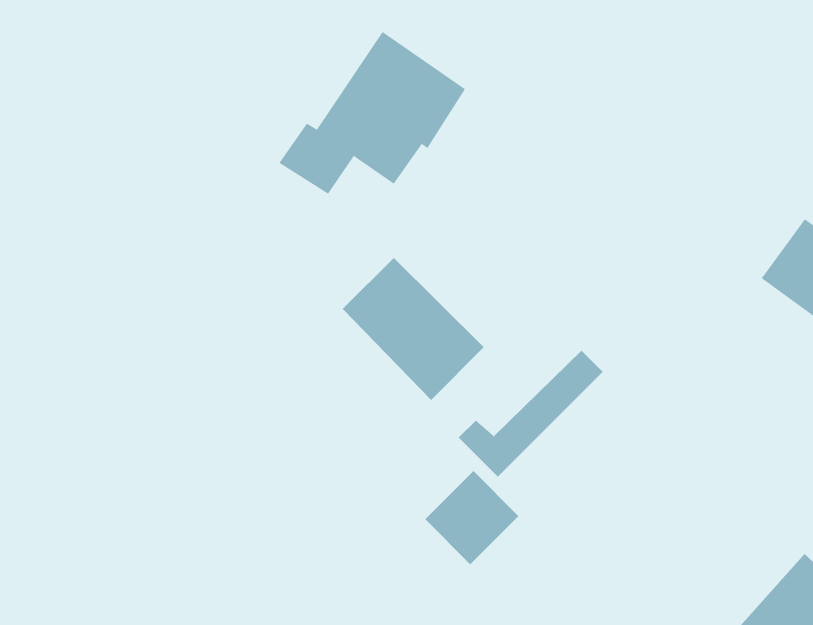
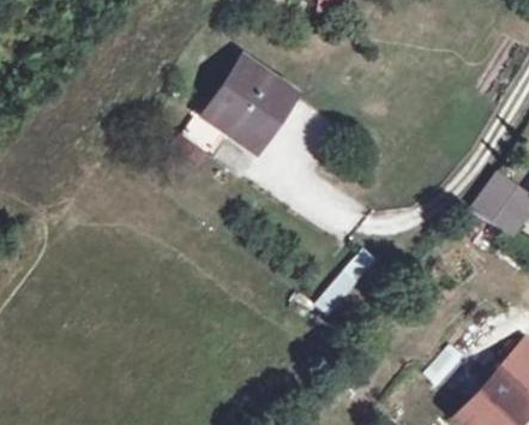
building: [342,257,485,401] -> none
building: [425,470,519,565] -> none

